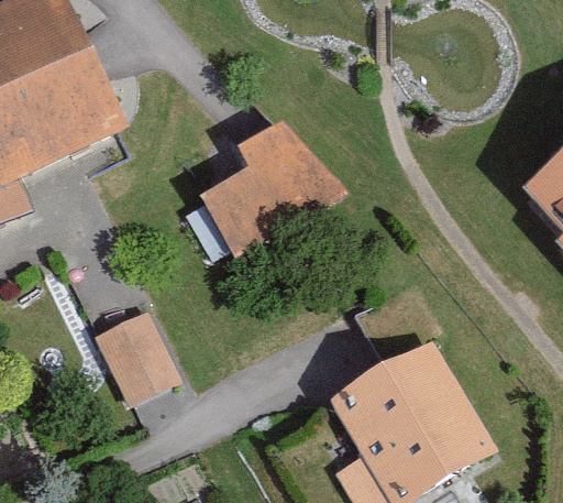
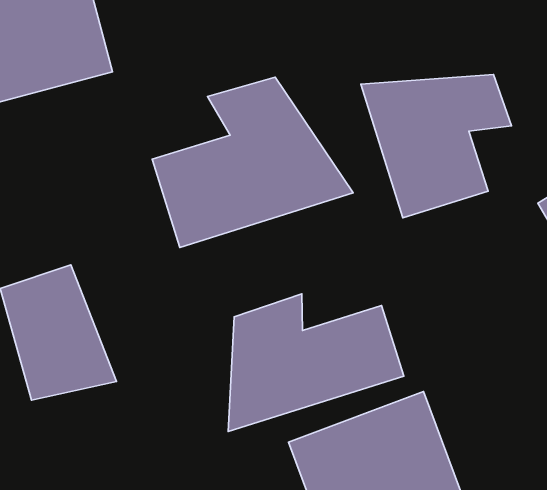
building: none -> [361,75,512,218]
building: none -> [228,294,404,432]

